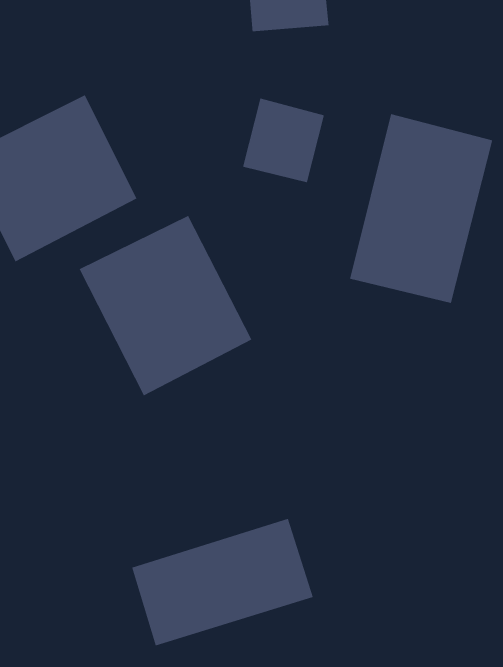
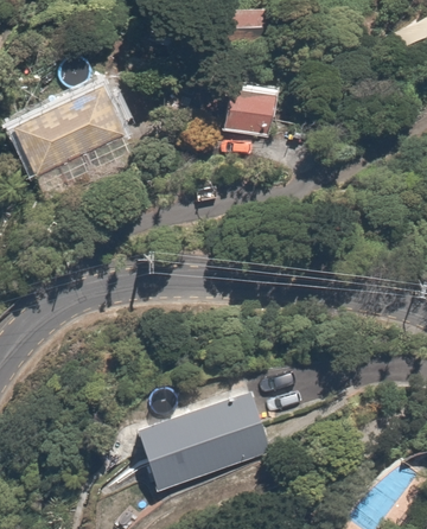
building: [349,113,493,304] -> none
building: [79,215,253,396] -> none

